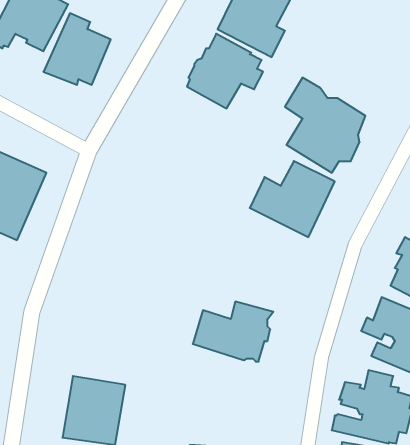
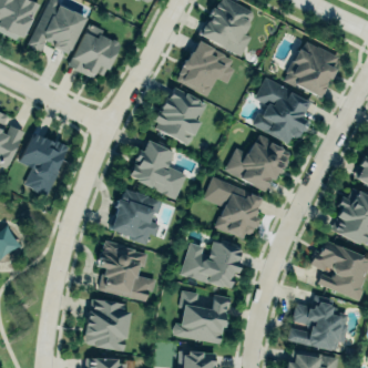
building: none -> [284,40,339,96]
building: none -> [153,88,208,146]
building: none -> [131,140,188,198]
building: none -> [213,178,263,238]
building: none -> [111,188,161,245]
building: none -> [96,242,155,300]
building: none -> [173,292,228,345]

